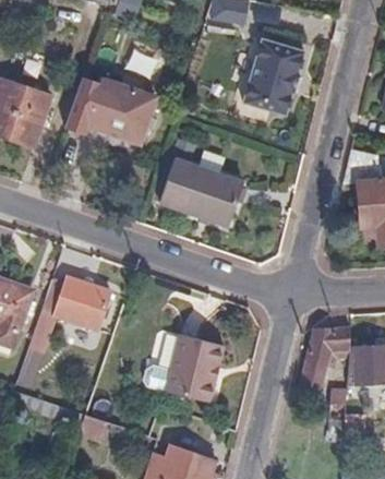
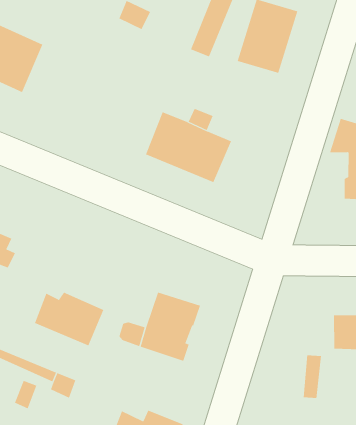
building: [84,71,154,141] -> none
building: [40,277,109,330] -> [34,292,104,346]
building: [299,326,348,390] -> none

